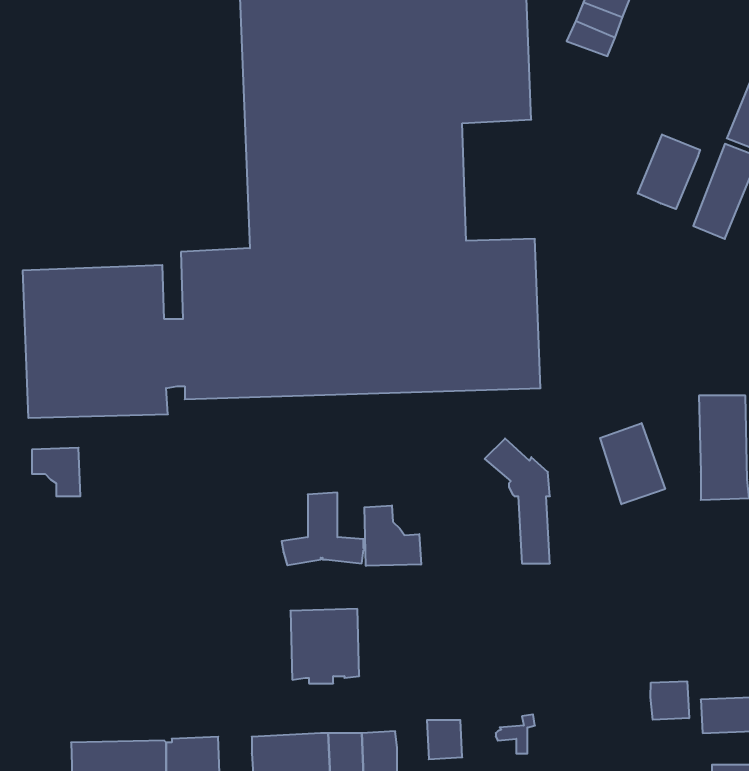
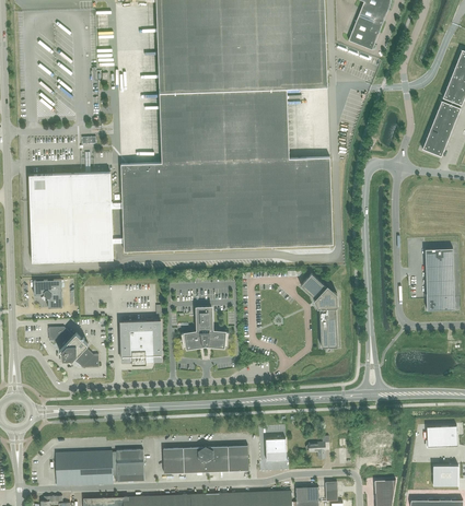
building: [638,134,700,209] -> none
building: [600,423,665,504] -> none
building: [364,505,421,566] -> none
building: none -> [47,327,97,366]
building: [290,609,359,683] -> [120,320,161,364]
building: [650,681,689,720] -> none

